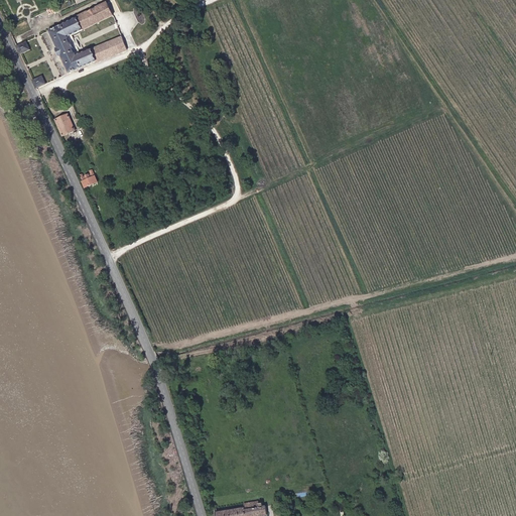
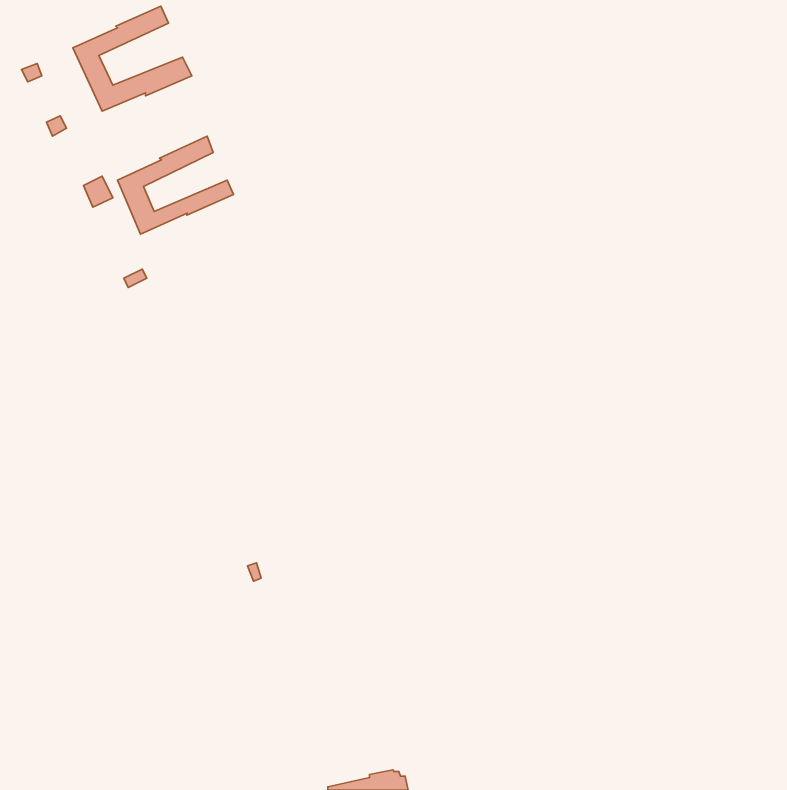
building: none -> [117,136,233,234]

